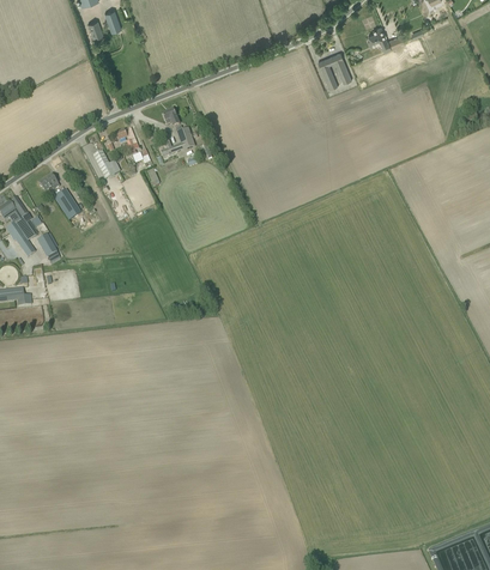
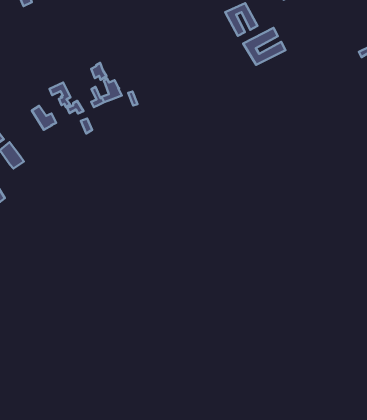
building: none -> [243,28,286,65]

